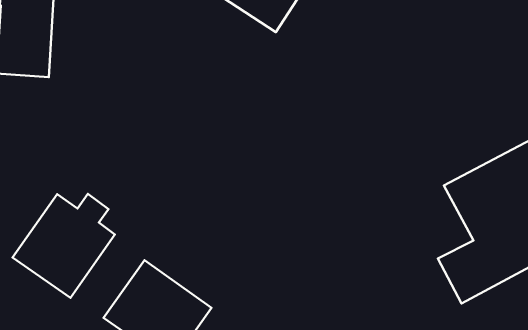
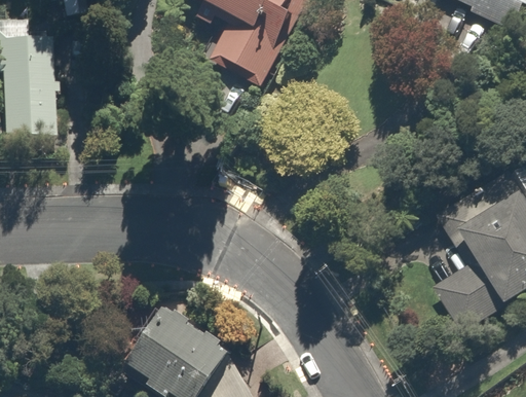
building: [12,194,115,298] -> none

